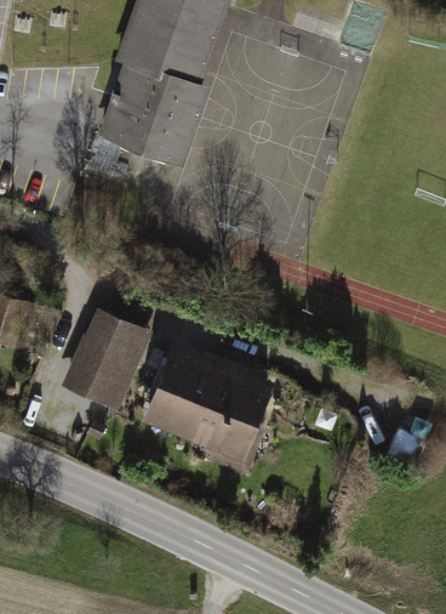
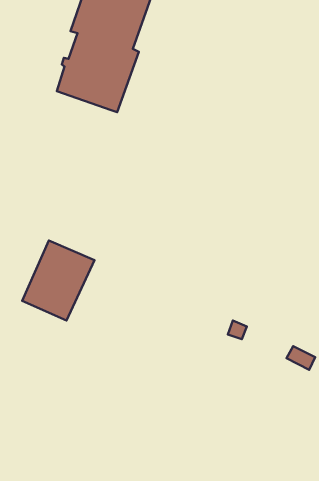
building: [139,343,271,470] -> none

